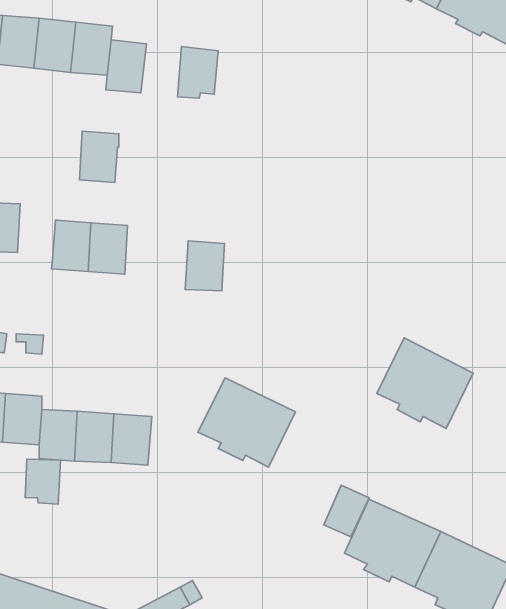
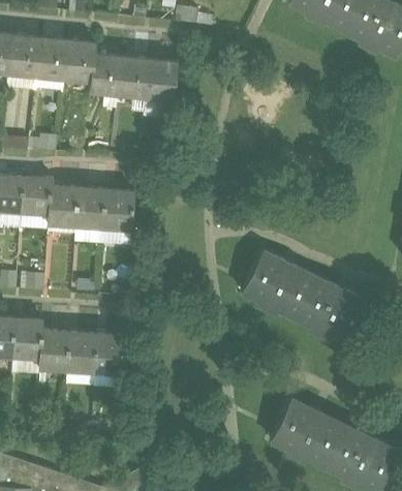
building: none -> [115,55,146,95]
building: [80,131,119,183] -> [21,177,51,216]
building: [185,241,225,291] -> [102,193,132,232]
building: [198,378,296,467] -> [241,253,315,321]
building: [25,459,60,504] -> none
building: [324,485,369,537] -> none

